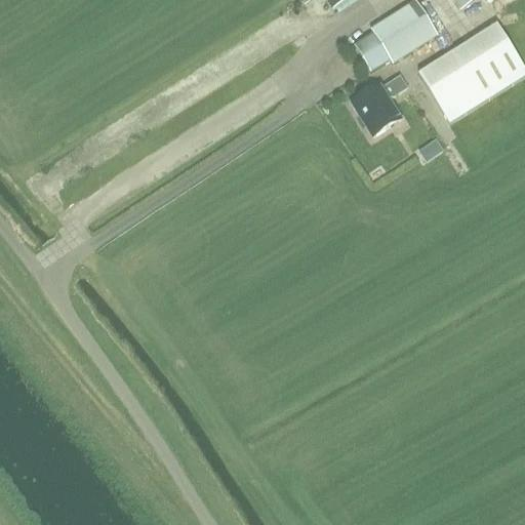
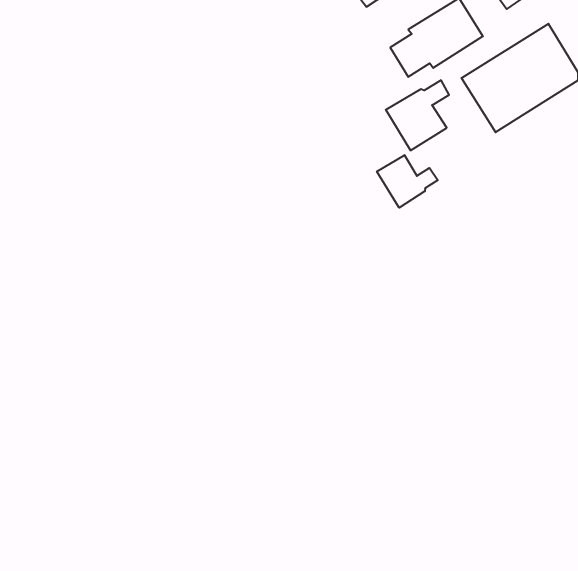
building: none -> [377,155,438,208]

